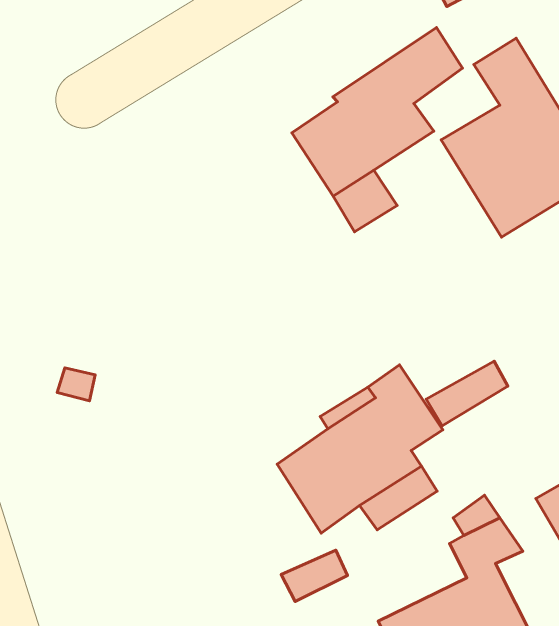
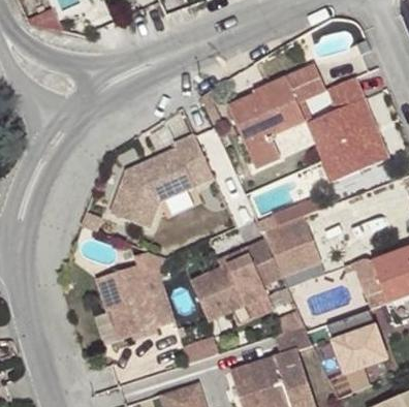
building: none -> [113,135,214,228]
building: none -> [264,217,315,260]
building: none -> [96,261,175,341]

